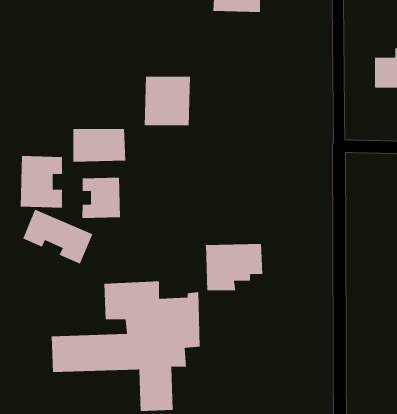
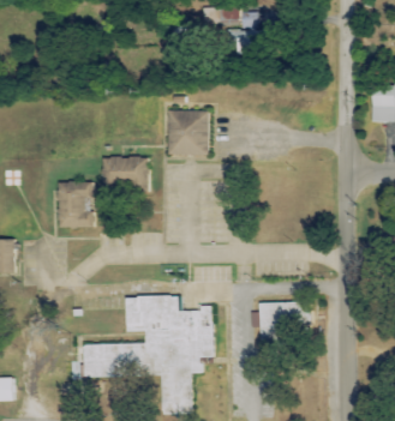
building: [82,177,121,219] -> none
building: [22,209,93,264] -> none
building: [205,244,263,291] -> [258,302,310,344]

